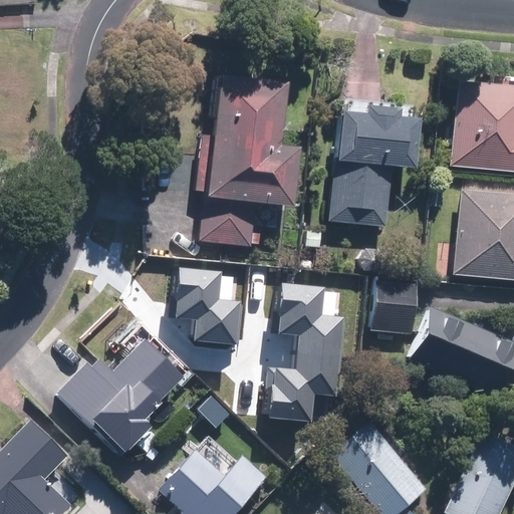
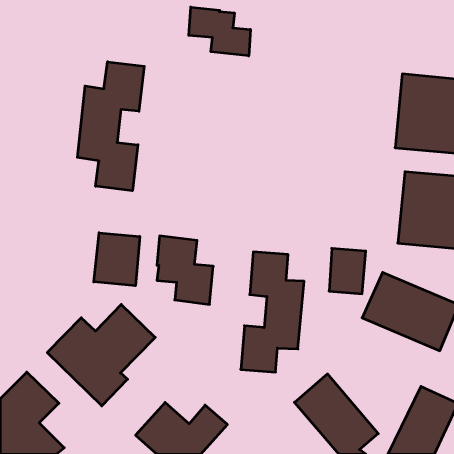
building: none -> [189,7,250,56]
building: none -> [77,62,144,191]
building: [207,76,299,242] -> none
building: [331,104,425,225] -> none
building: none -> [94,233,140,286]

